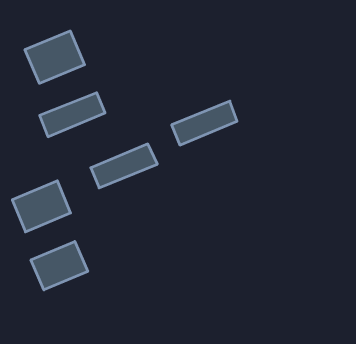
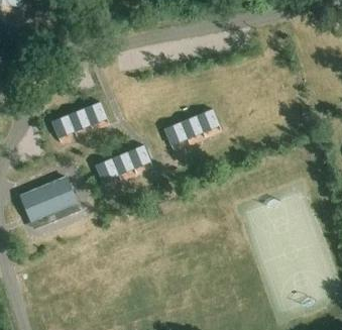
building: [25,31,85,83] -> none
building: [31,241,88,290] -> none

